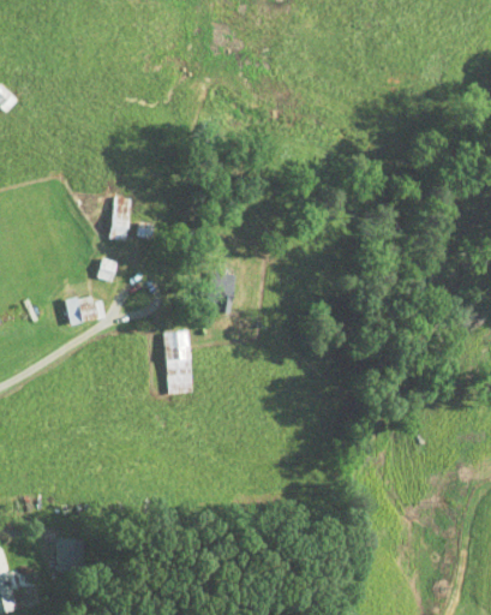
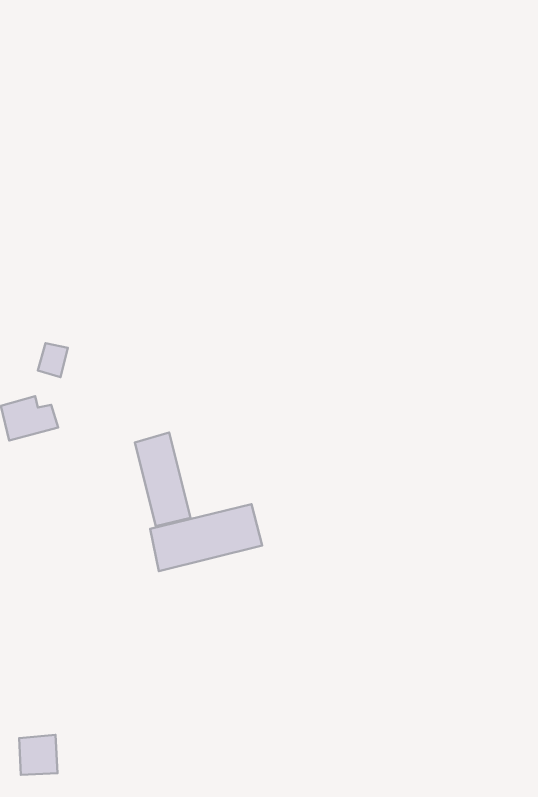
building: [110,197,130,239] -> none
building: none -> [150,504,262,571]

